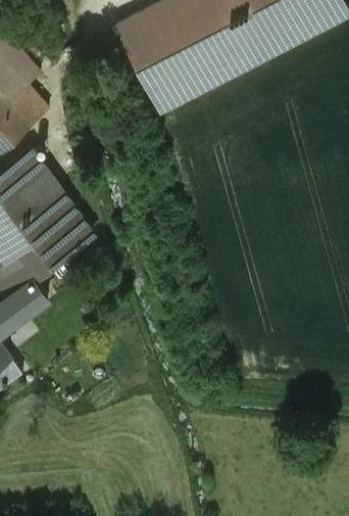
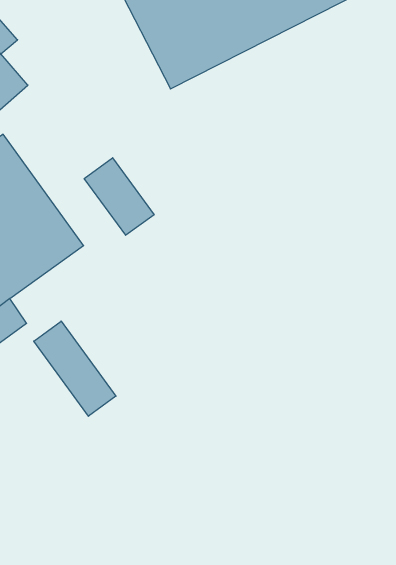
building: none -> [84,158,154,235]
building: none -> [34,321,116,416]

